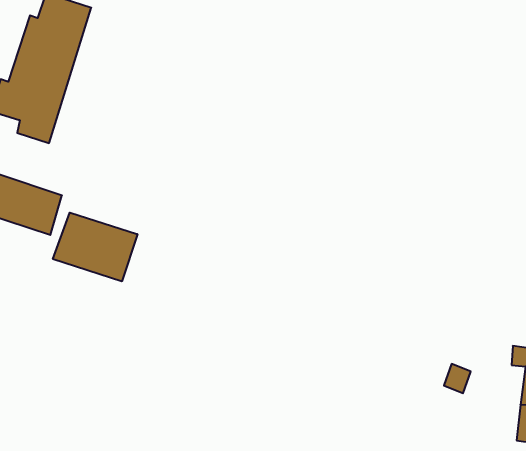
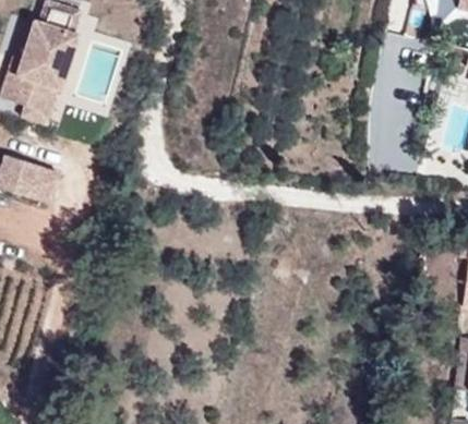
building: [53,213,137,281] -> none

